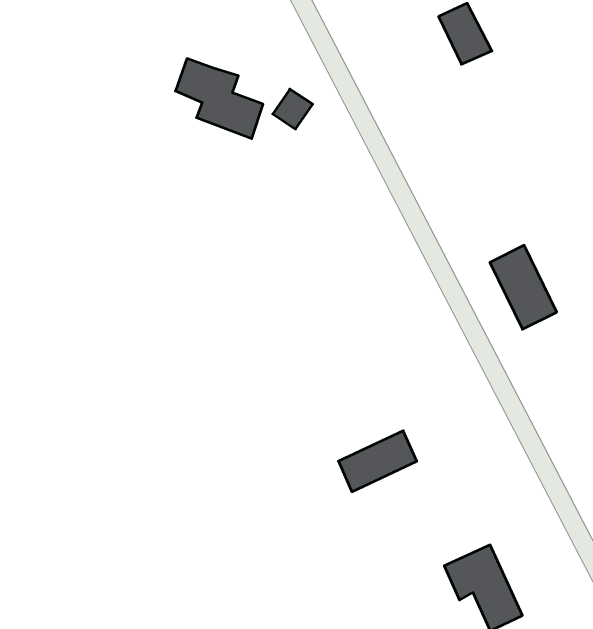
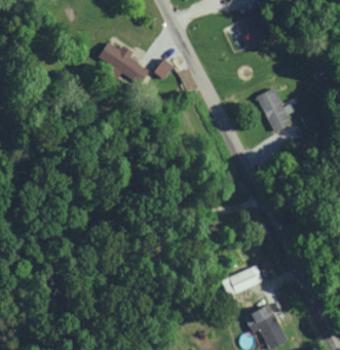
building: [490,245,557,329] -> [255,86,291,131]
building: [338,431,417,492] -> [222,264,264,297]

